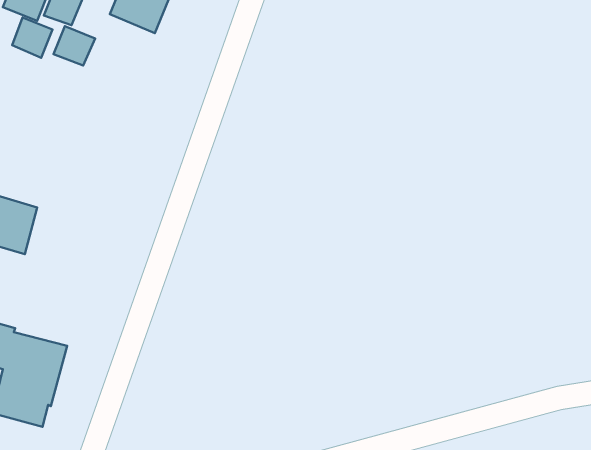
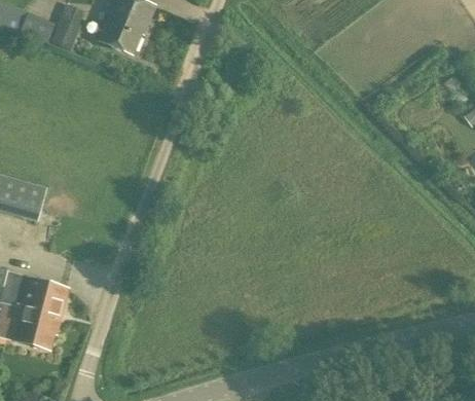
building: [12,17,52,58] -> none
building: [53,26,95,65] -> none

